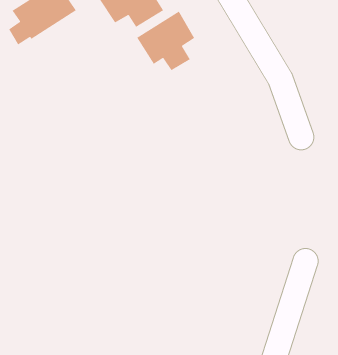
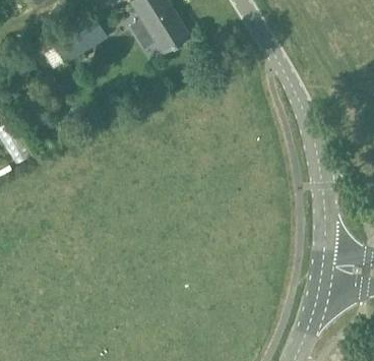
building: [136,10,195,71] -> none

